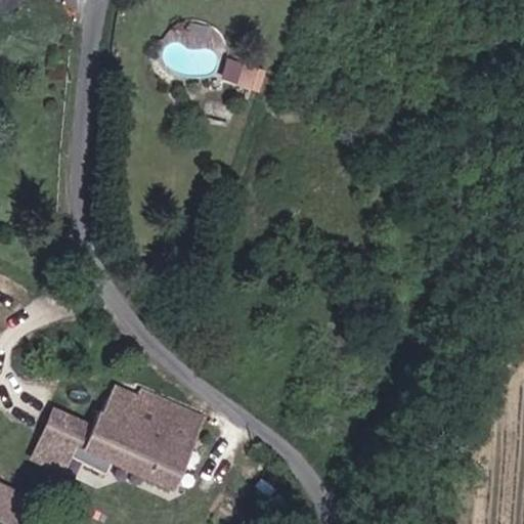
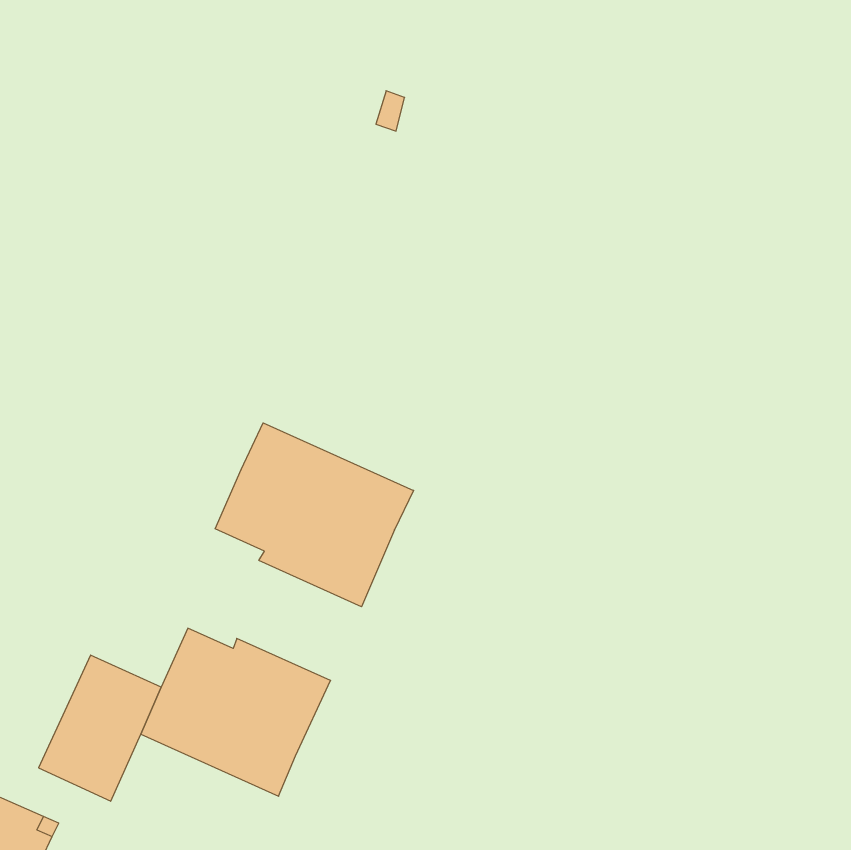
building: none -> [215,423,414,607]

